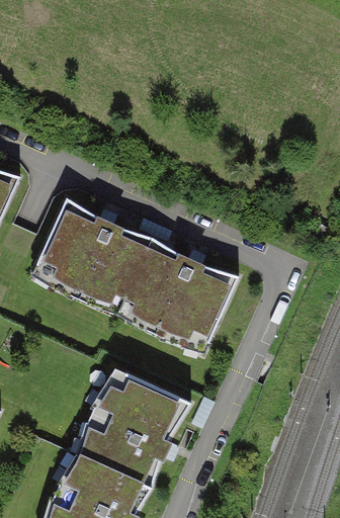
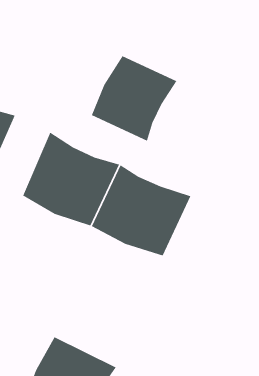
building: none -> [91,55,178,142]
building: [72,365,193,488] -> none

